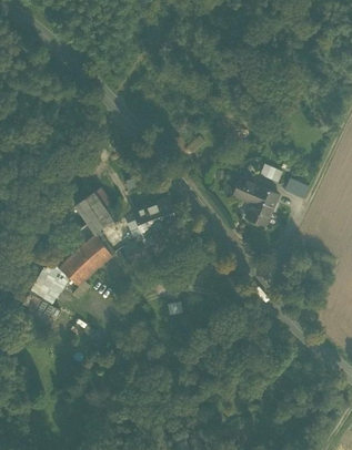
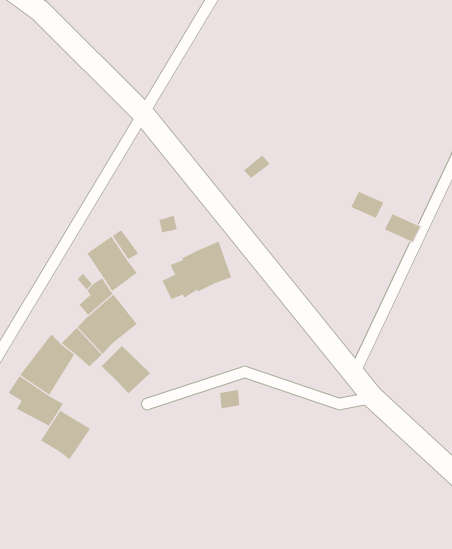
building: [232,177,279,225] -> none
building: none -> [101,345,151,394]
building: none -> [40,410,91,460]

